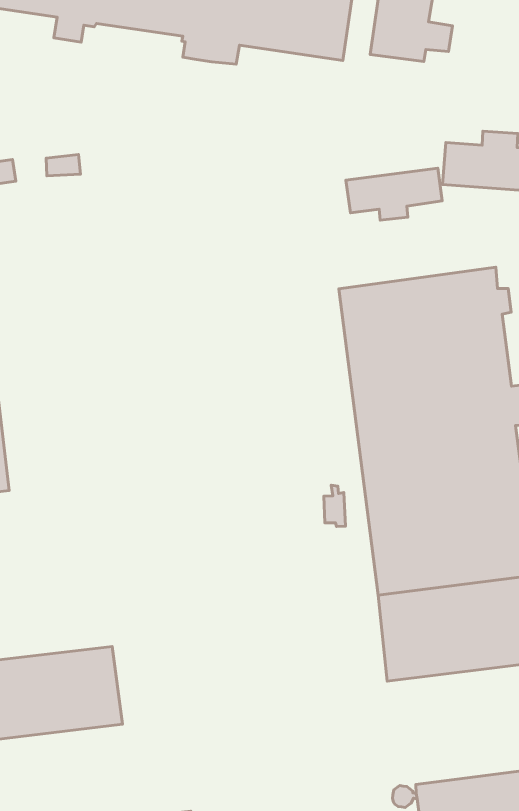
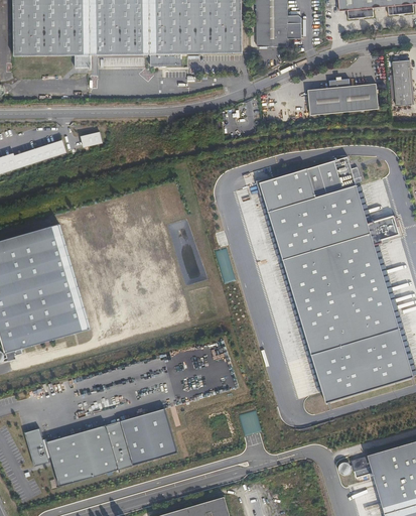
building: [346,168,442,220] -> none

